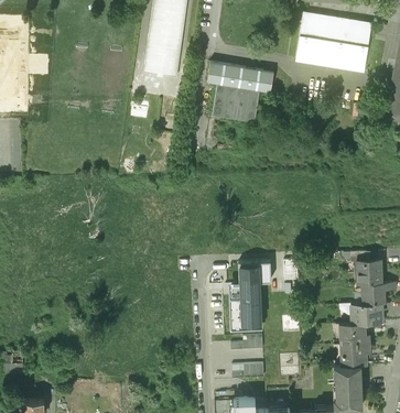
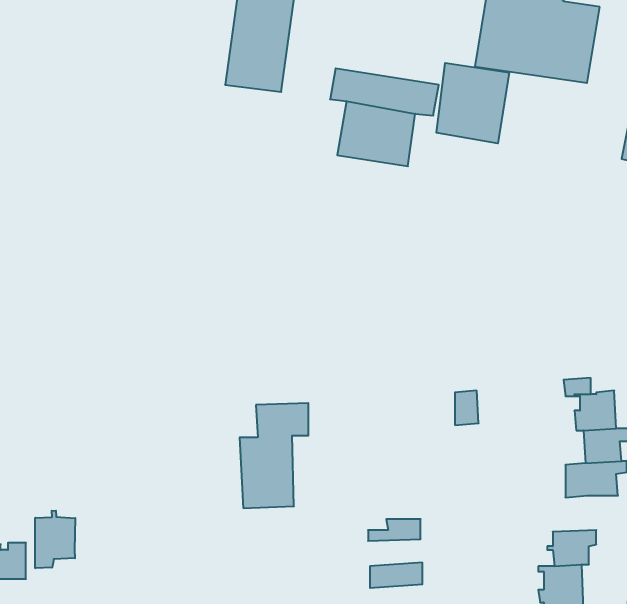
building: none -> [436,63,509,143]
building: [228,263,270,327] -> [240,403,308,508]
building: [342,324,369,346] -> none
building: none -> [35,511,75,568]

